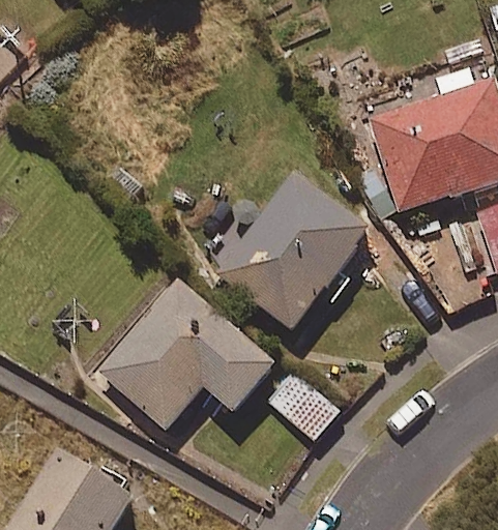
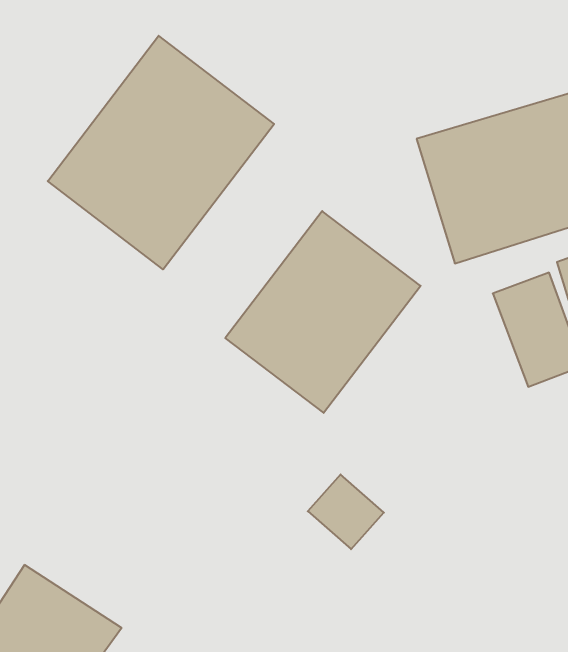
building: none -> [48,36,274,269]
building: [96,277,275,430] -> none

